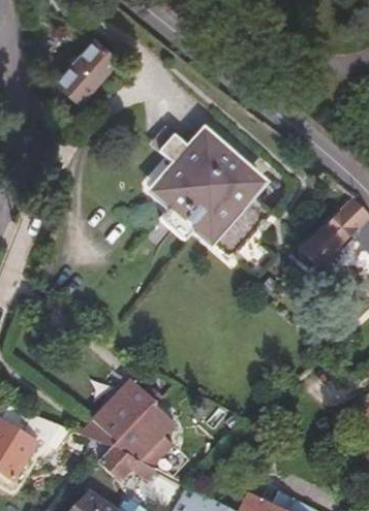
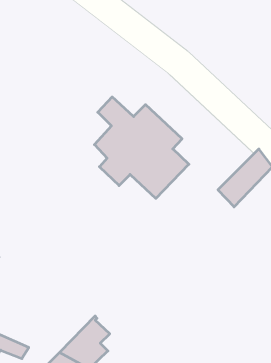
building: [62,44,116,98] -> none
building: [80,380,153,446] -> none

